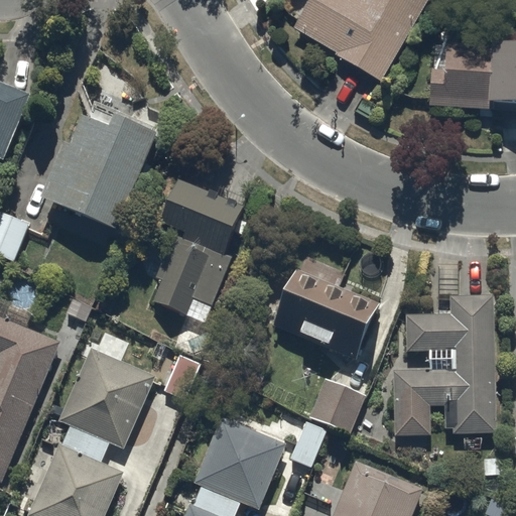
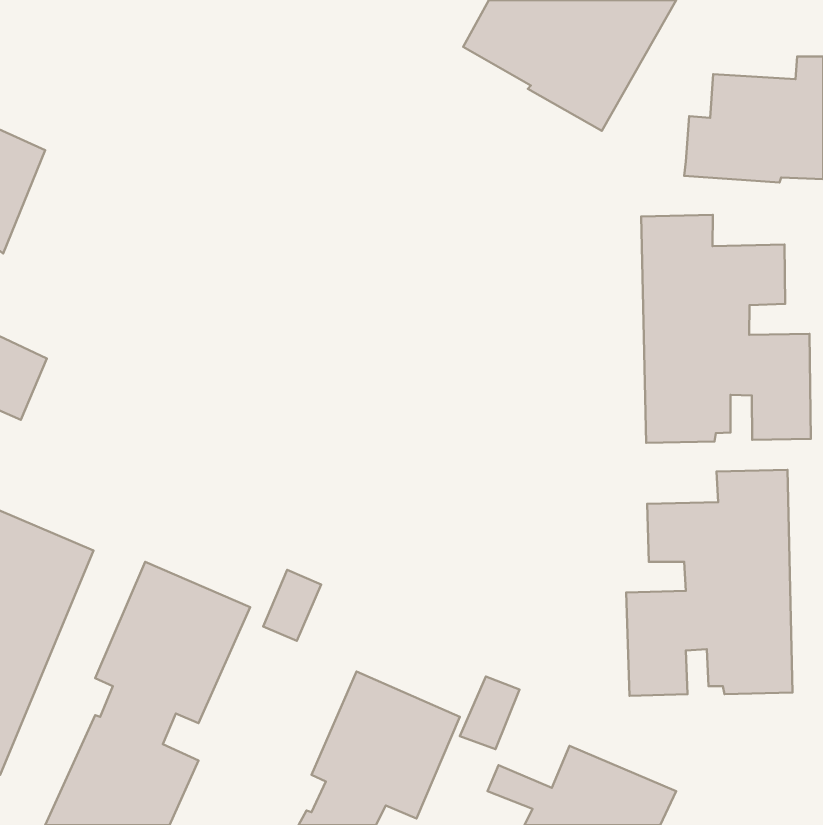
building: [39,101,157,227] -> none
building: none -> [641,215,811,443]
building: [153,178,247,315] -> none
building: [275,255,380,359] -> none
building: [308,378,367,435] -> none

